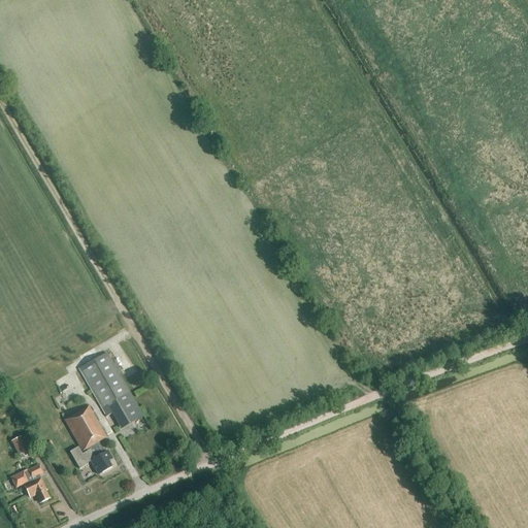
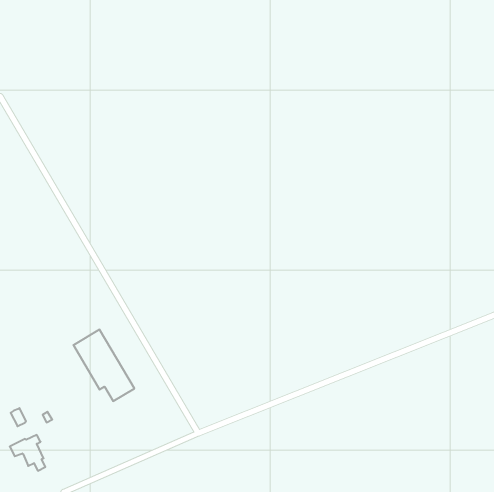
building: [64,405,112,473] -> none

